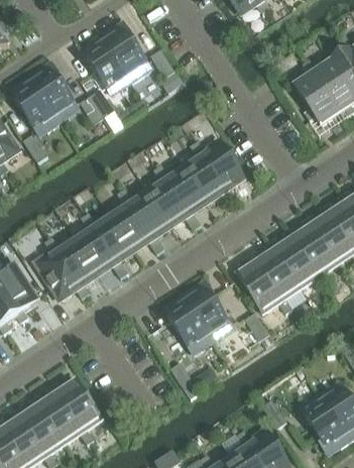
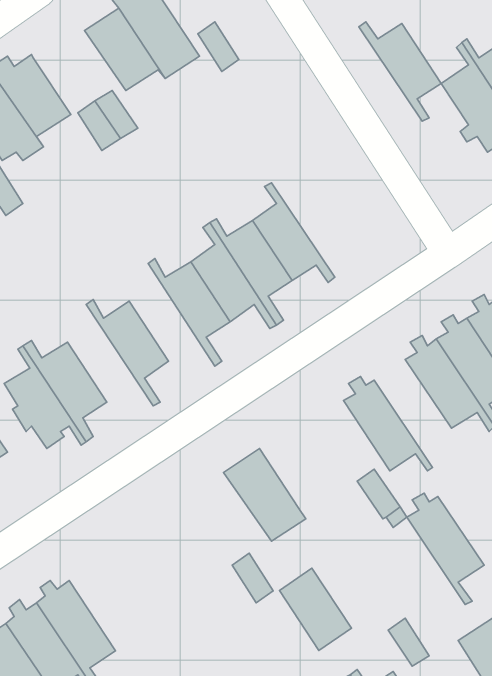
building: [195,139,243,198] -> [359,22,441,121]
building: [111,190,161,252] -> none
building: [75,214,125,276] -> none
building: [255,244,301,310] -> [407,493,484,605]
building: [188,285,230,334] -> [279,568,351,650]

